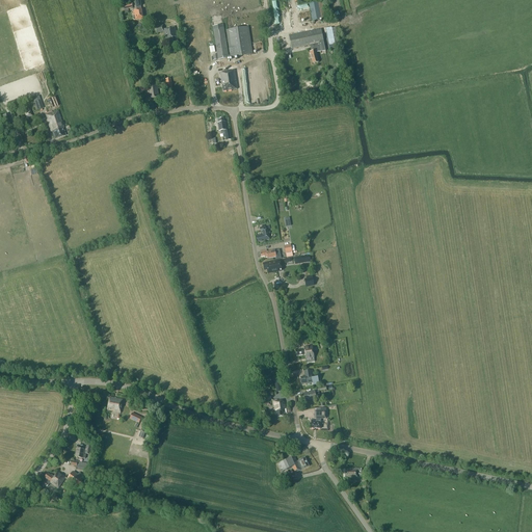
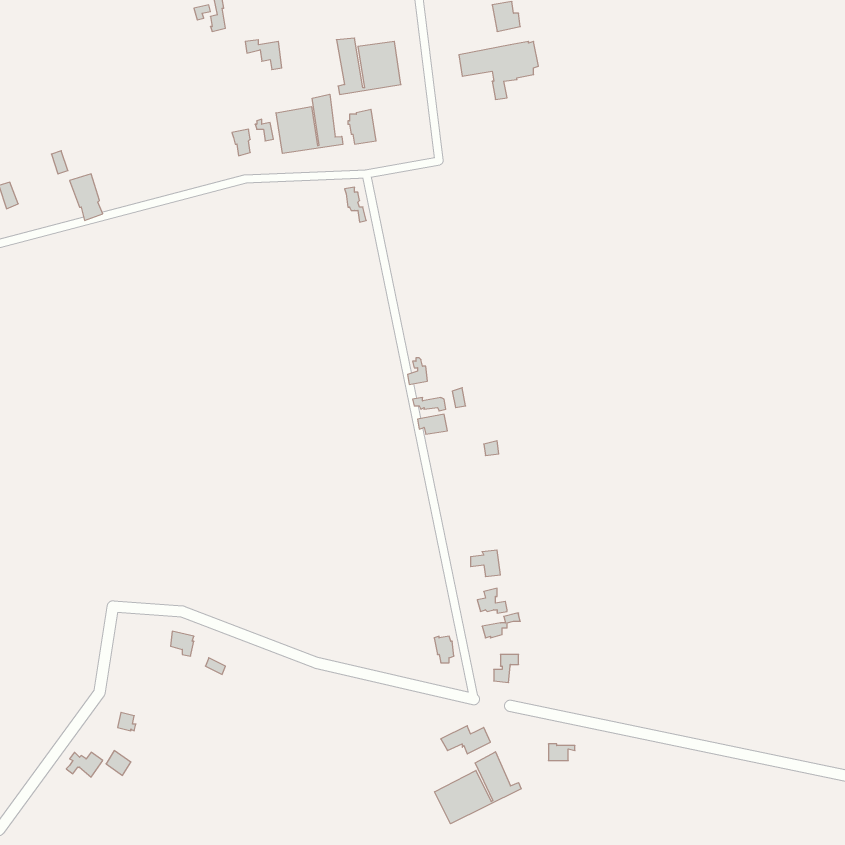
building: none -> [276,94,343,153]
building: none -> [435,752,521,824]

